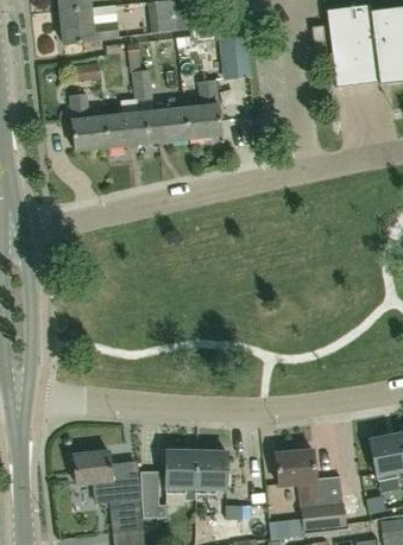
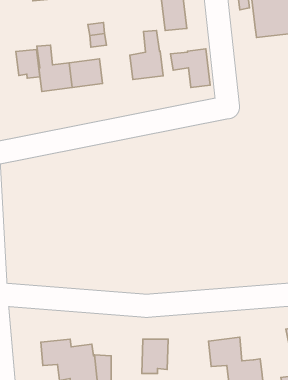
building: none -> [171,49,210,88]
building: none -> [16,49,40,78]
building: [144,108,184,142] -> none
building: [164,450,196,493] -> none

